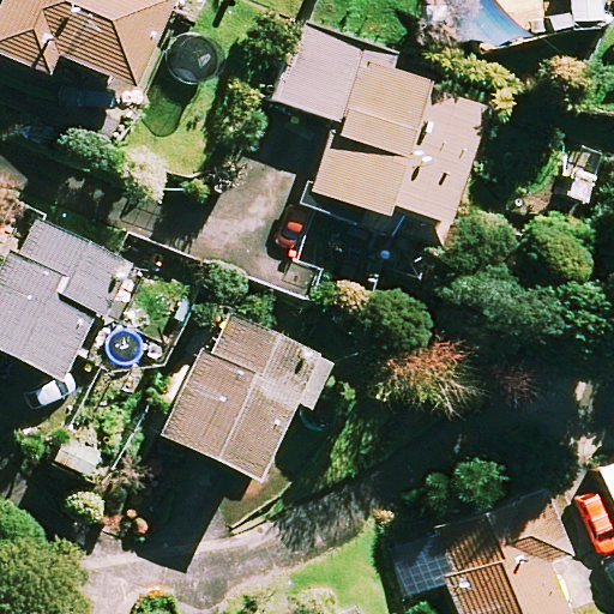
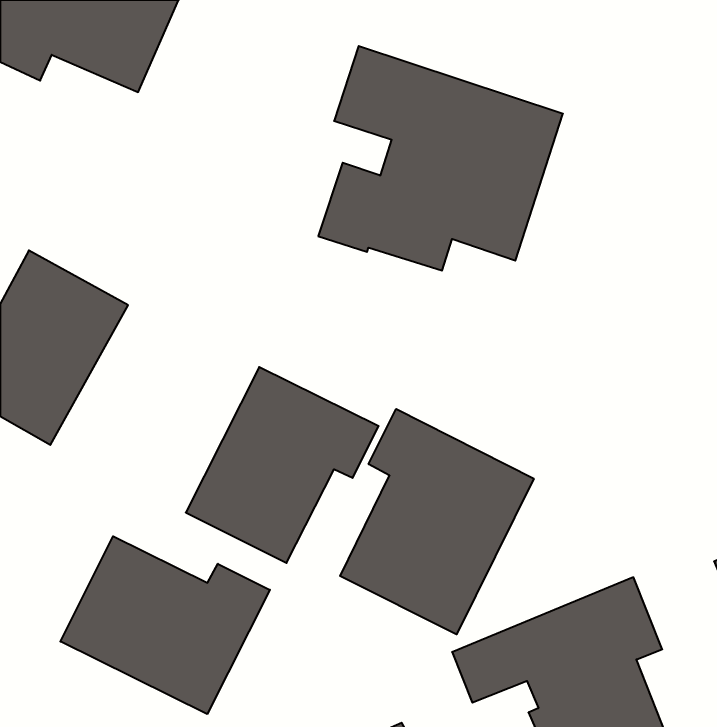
building: none -> [340,409,534,634]
building: none -> [60,536,270,714]

